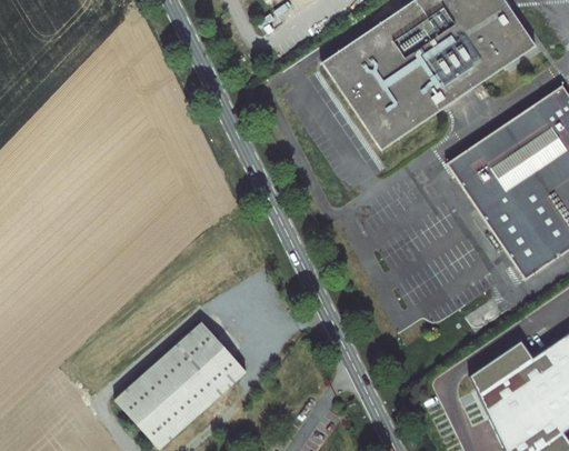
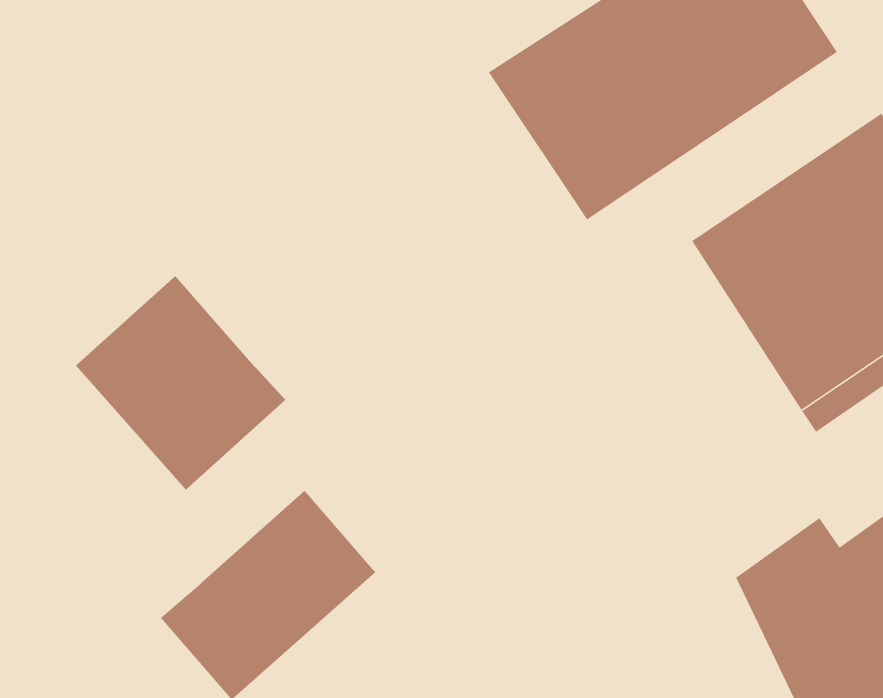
building: none -> [75,275,286,490]

